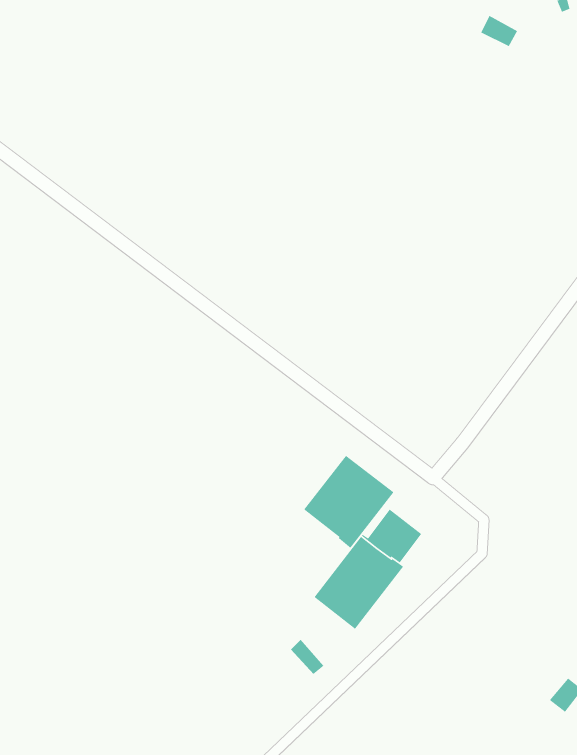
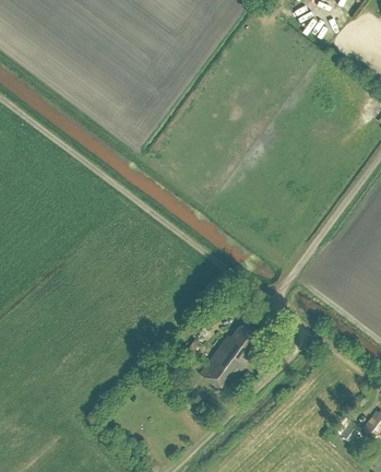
building: [303,455,394,549] -> none

